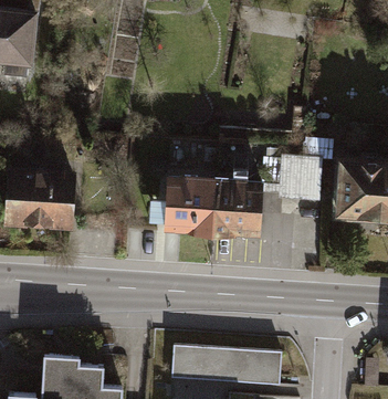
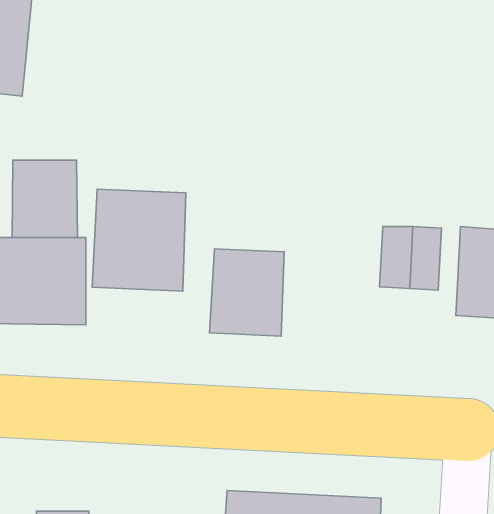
building: none -> [12,160,78,238]
building: none -> [92,189,186,291]
building: [212,177,264,238] -> none

